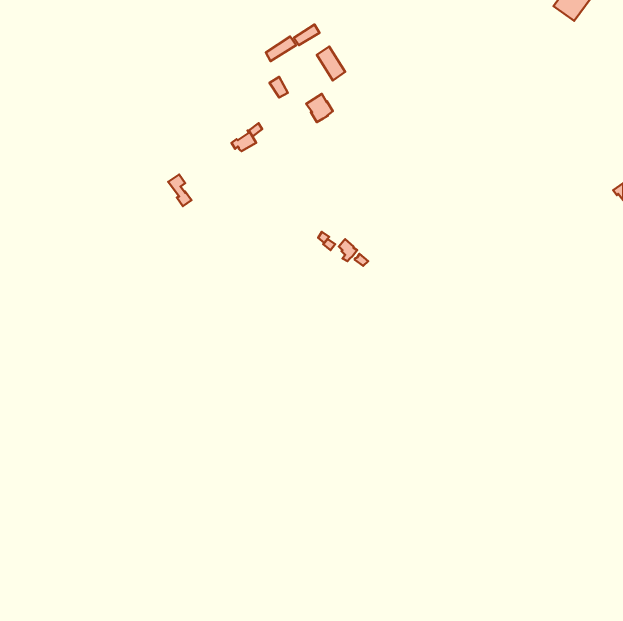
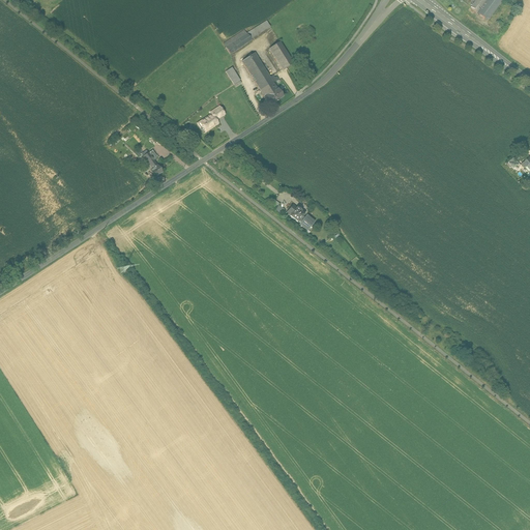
building: none -> [241,51,273,88]

